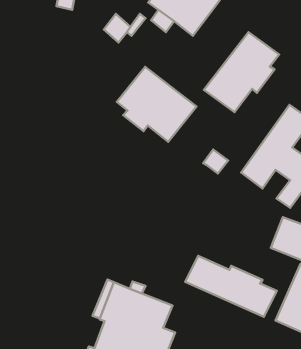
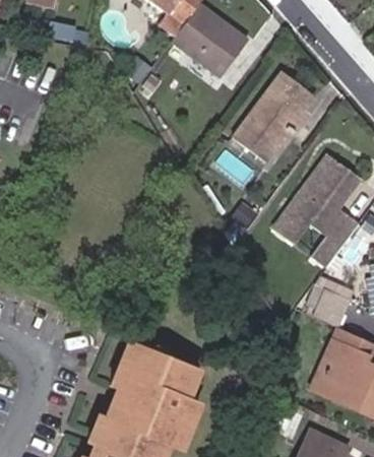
building: [117,67,197,142] -> none
building: [185,256,277,317] -> none

